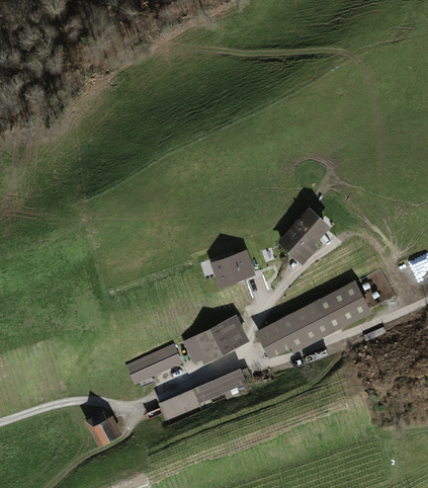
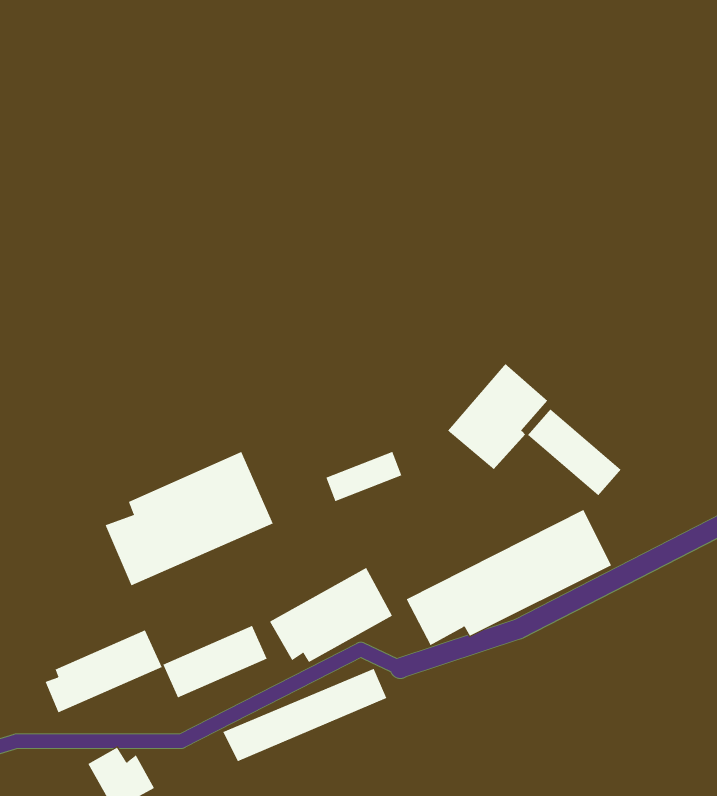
building: none -> [527,409,622,496]
building: none -> [105,451,274,586]
building: none -> [45,629,163,713]

